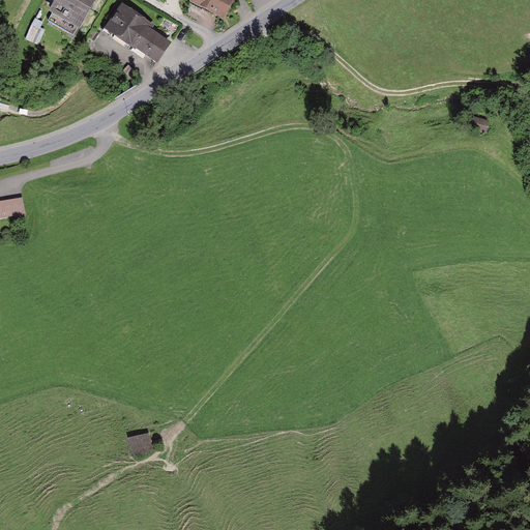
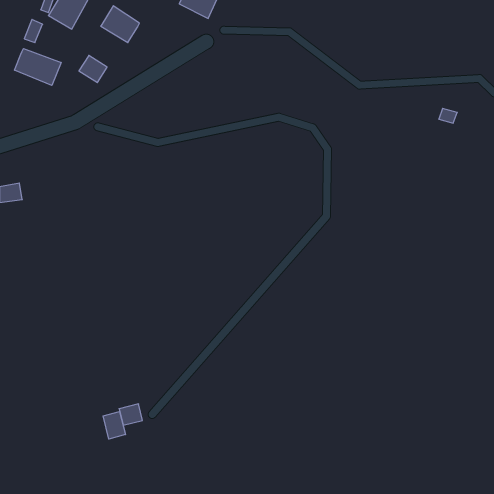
building: [137,29,167,58] -> [79,55,107,83]
building: none -> [15,49,61,85]
building: none -> [103,412,125,439]

